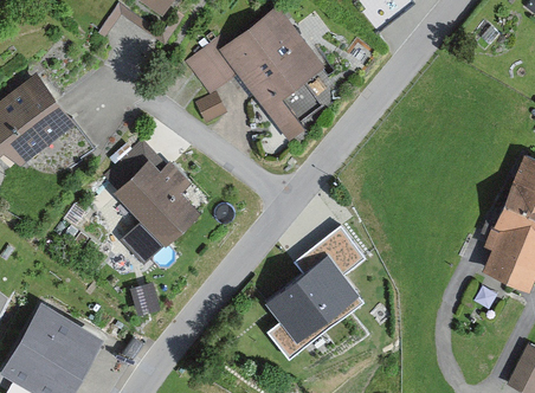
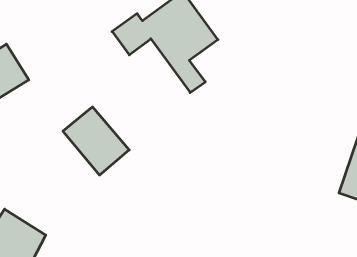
building: [259,247,370,350] -> none

